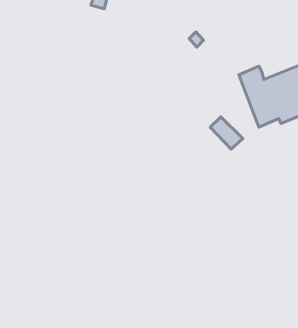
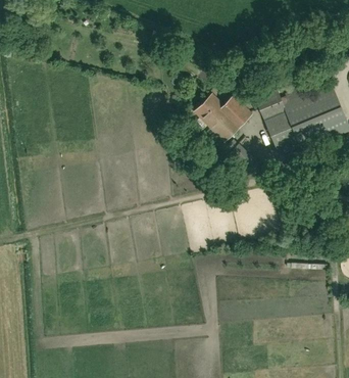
building: none -> [194,93,251,141]

